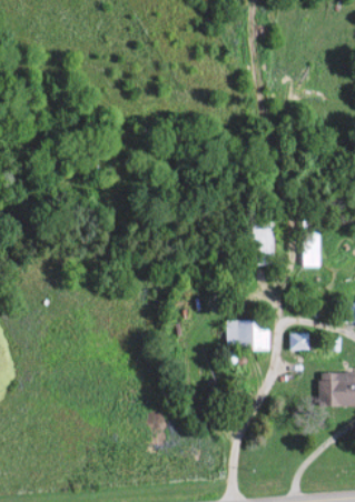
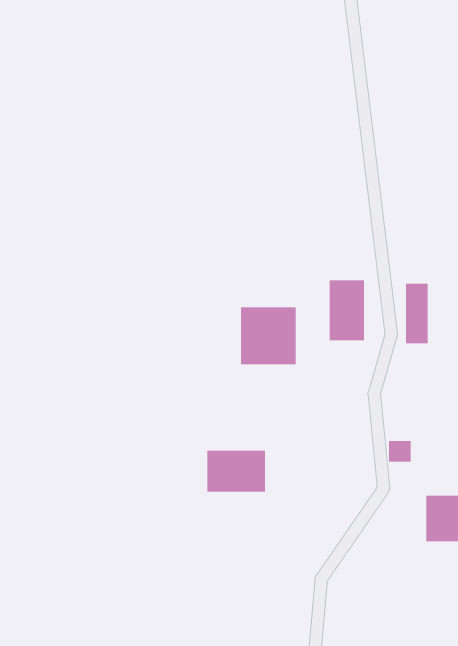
building: none -> [241,306,296,365]
building: [227,320,269,350] -> [207,450,266,492]

